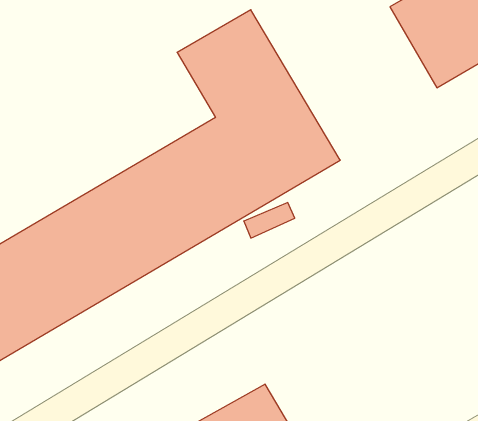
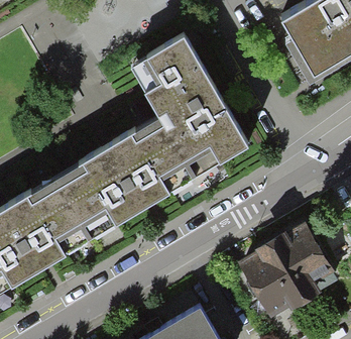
building: none -> [235,222,335,317]

